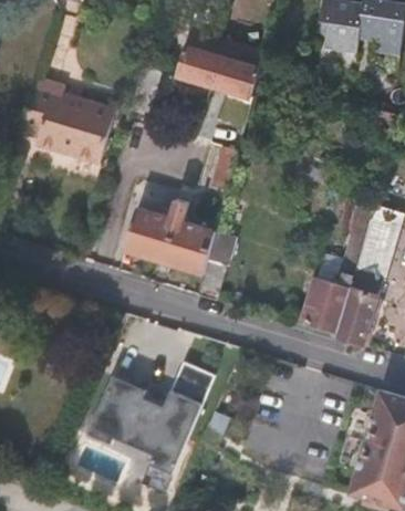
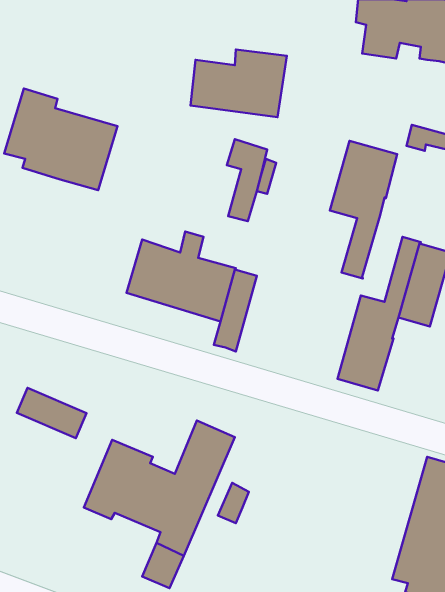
building: none -> [330,141,397,279]
building: [336,271,382,345] -> none
building: none -> [17,388,86,438]

